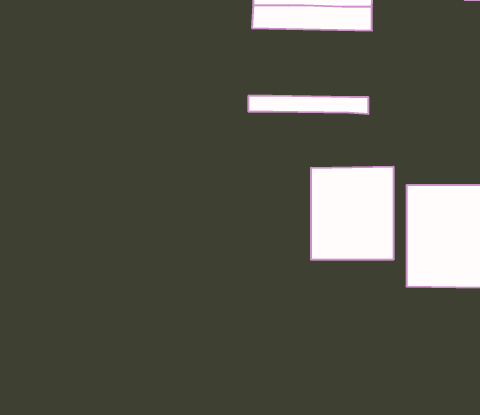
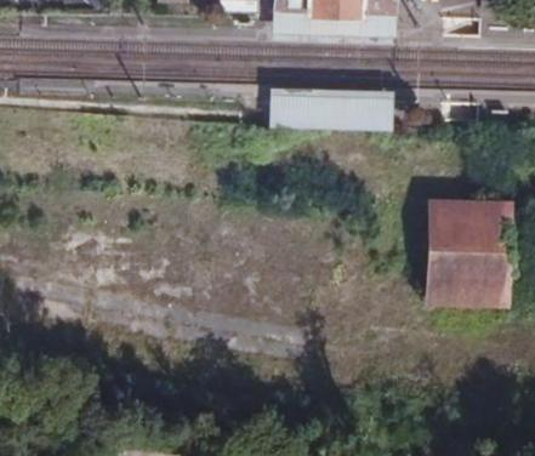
building: [311,167,393,260] -> none

